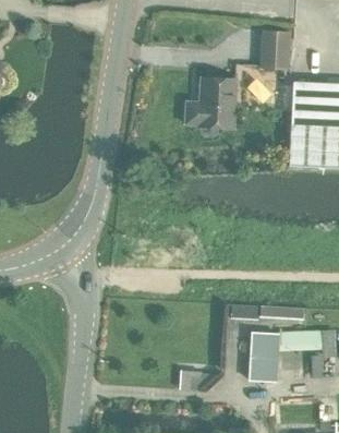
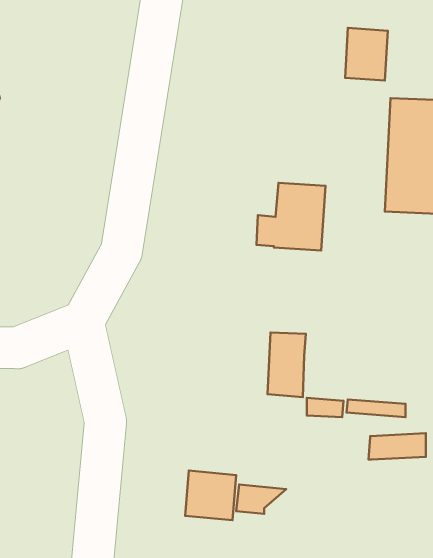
building: [185,77,237,128] -> [256,183,325,251]
building: [250,333,278,381] -> [268,332,306,397]
building: none -> [185,471,236,520]

